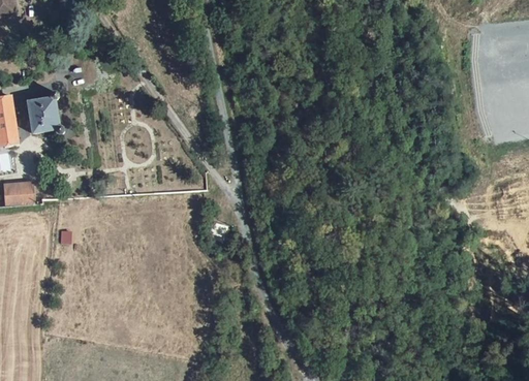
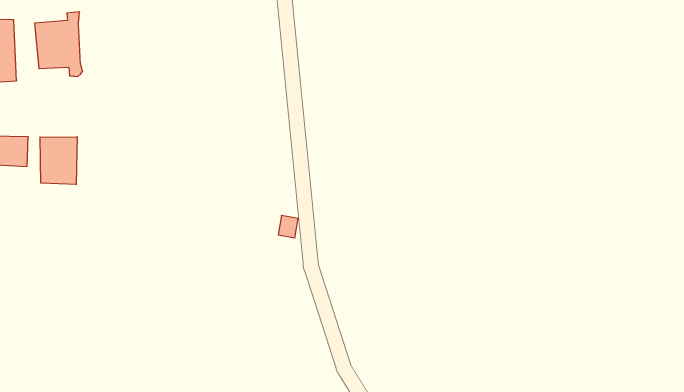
building: none -> [40,137,77,185]

